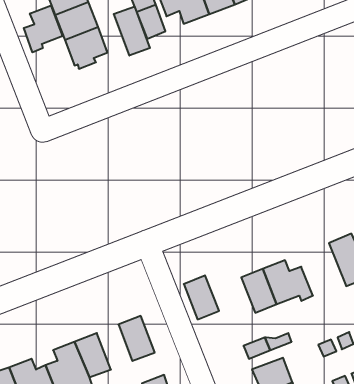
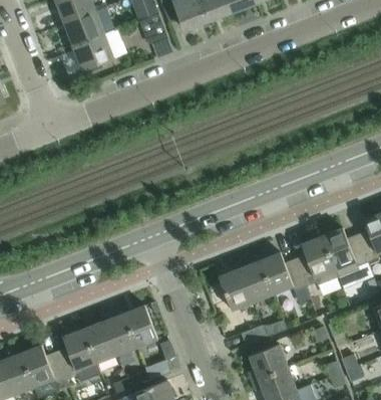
building: [24,6,63,52] -> none
building: [114,6,150,56] -> none
building: none -> [295,236,337,285]
building: [184,275,219,319] -> [219,268,252,310]
building: none -> [103,313,136,355]

